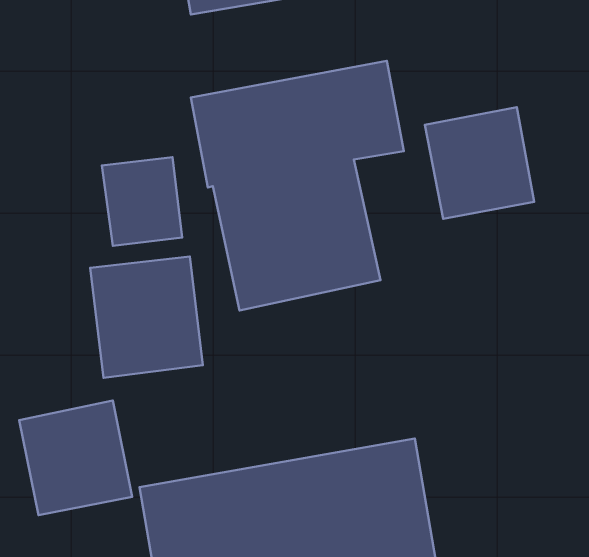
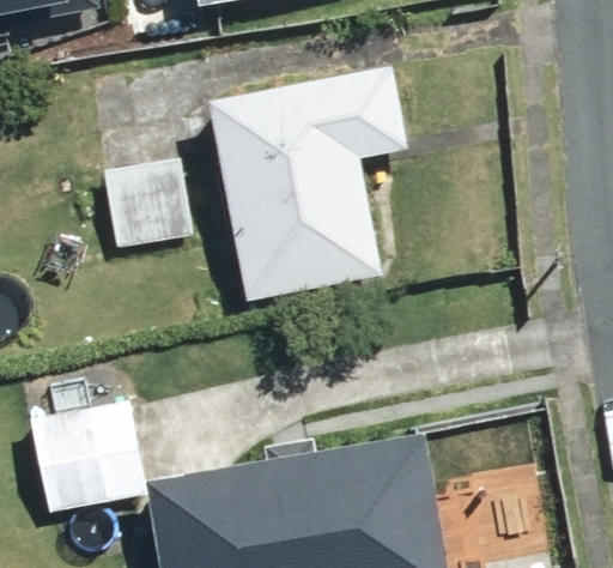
building: [425,107,534,219] -> none
building: [90,256,203,378] -> none

